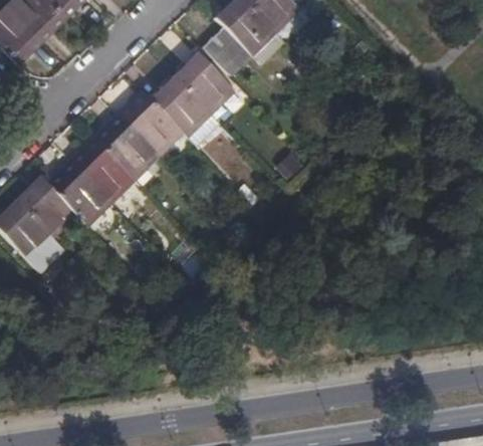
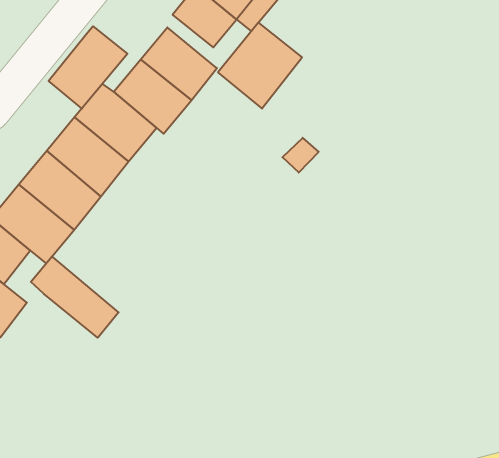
building: none -> [49,26,127,109]
building: none -> [218,23,302,109]
building: none -> [31,257,119,338]

